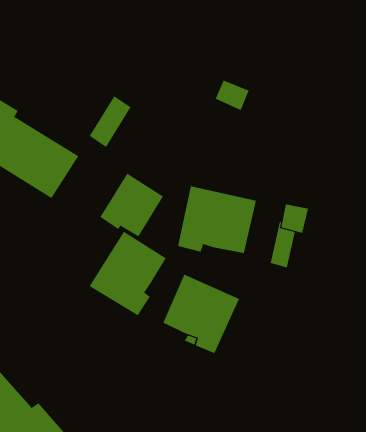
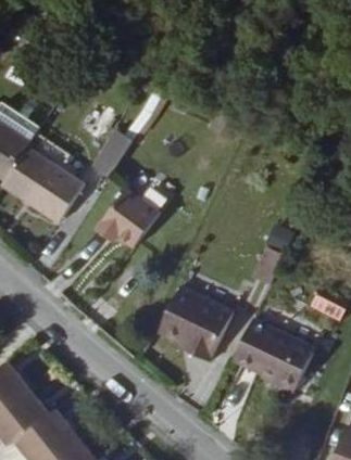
building: [177,185,257,254] -> none
building: [89,231,166,316] -> none
building: none -> [233,320,313,391]

